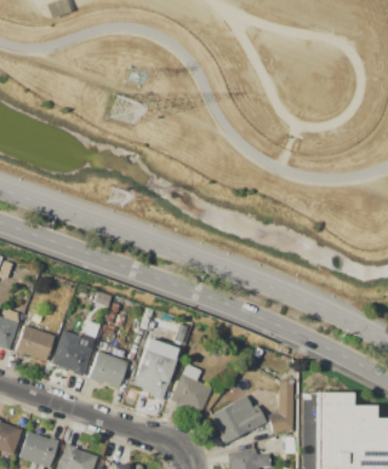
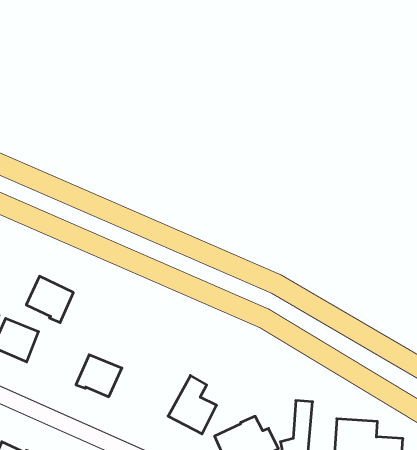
building: [52,337,92,376] -> [26,276,73,323]
building: [133,338,179,400] -> none

